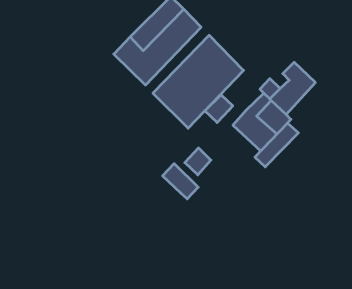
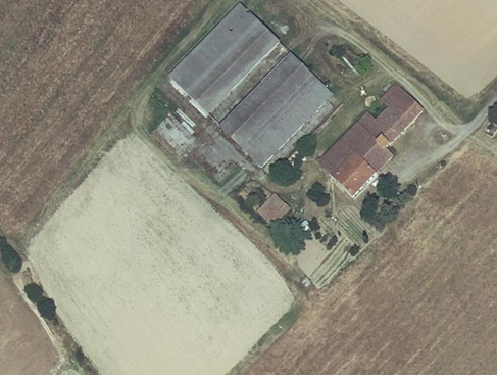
building: [205,95,233,123] -> none
building: [255,123,298,167] -> none
building: [163,164,198,199] -> none

